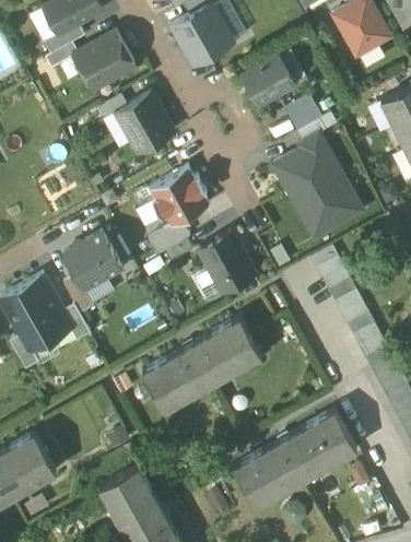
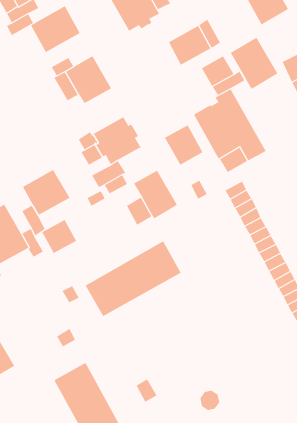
building: none -> [230,37,278,90]
building: none -> [164,125,203,166]
building: none -> [42,219,77,254]
building: [233,413,357,509] -> none

